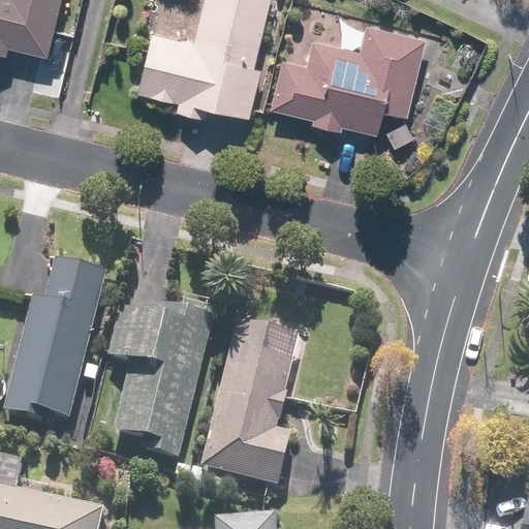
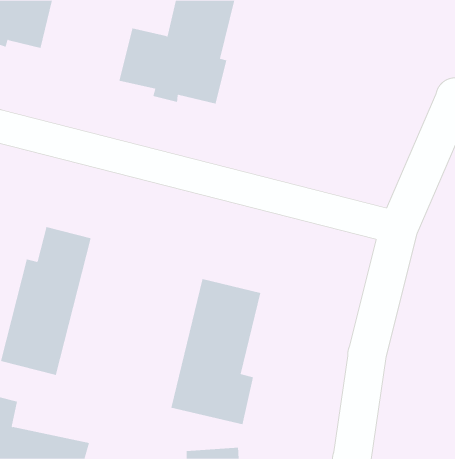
building: [269,23,426,135] -> none
building: [105,306,213,462] -> none

